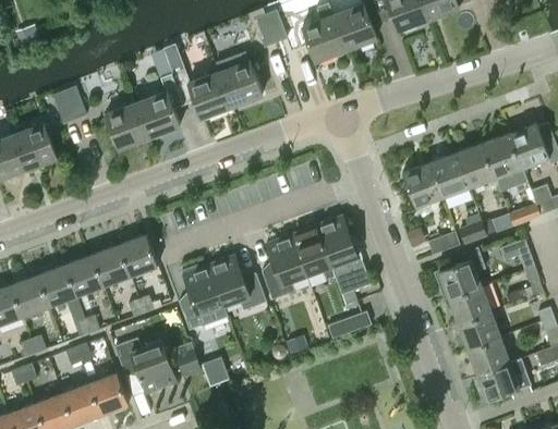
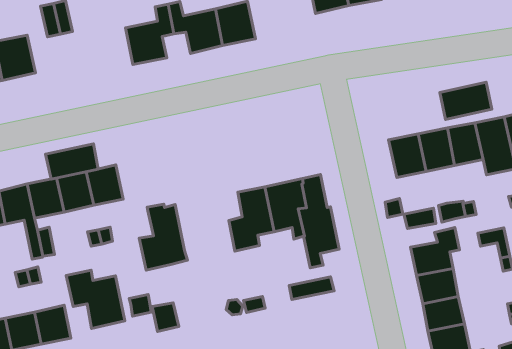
building: [106,102,148,148] -> none
building: none -> [440,82,492,120]
building: none -> [45,144,98,179]
building: [208,255,266,309] -> none

